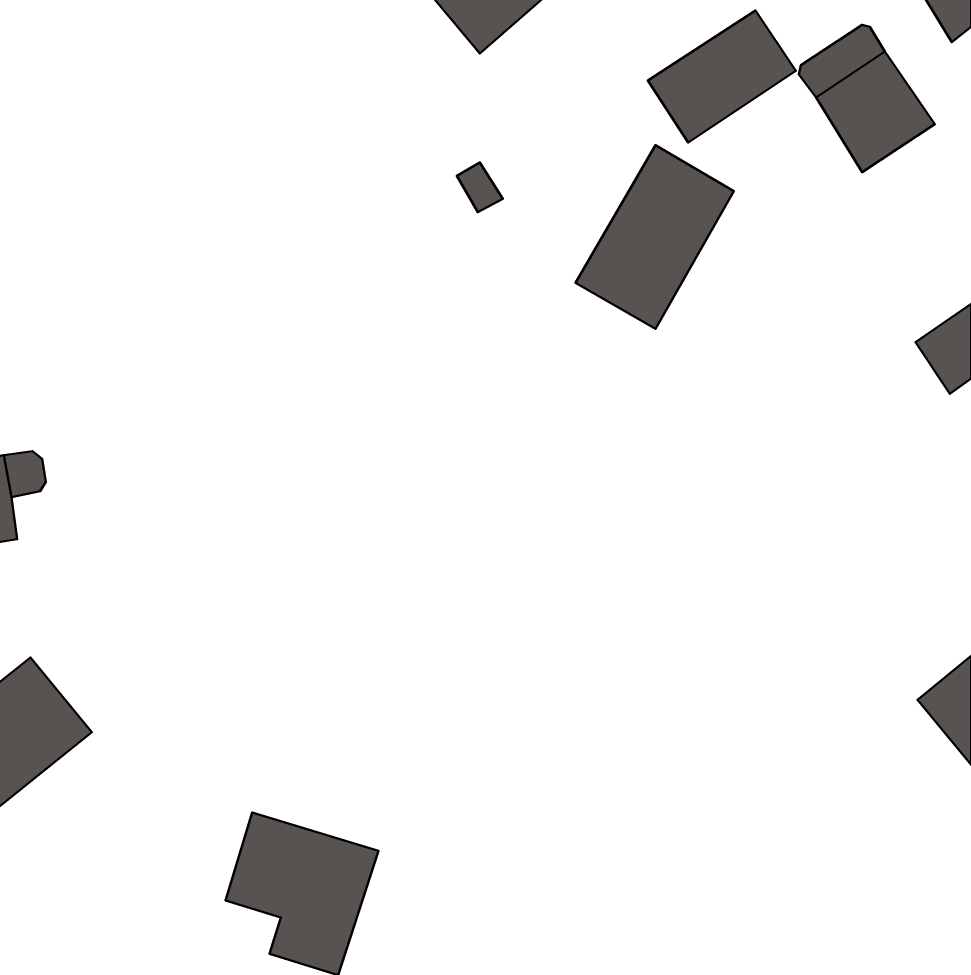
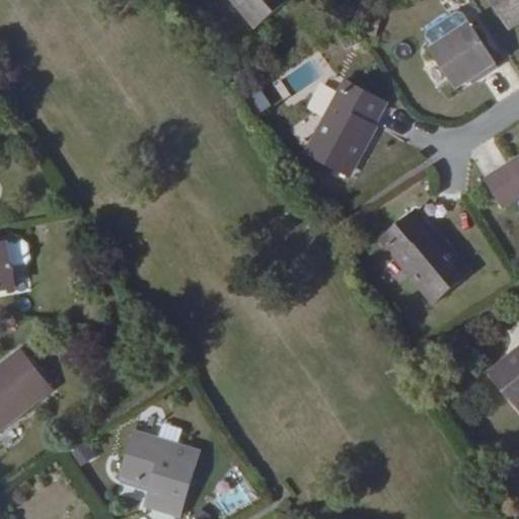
building: [648,11,796,142] -> none
building: none -> [379,206,469,302]

